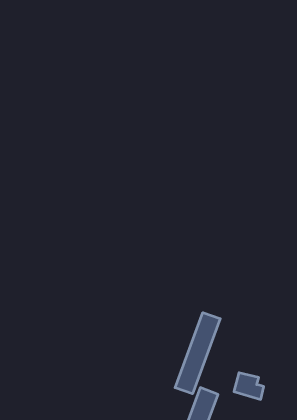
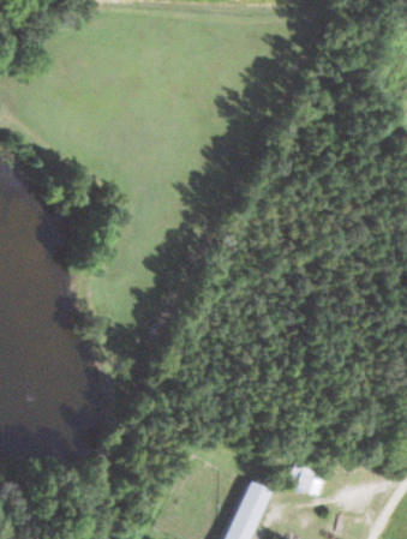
building: [175,313,220,394] -> none

